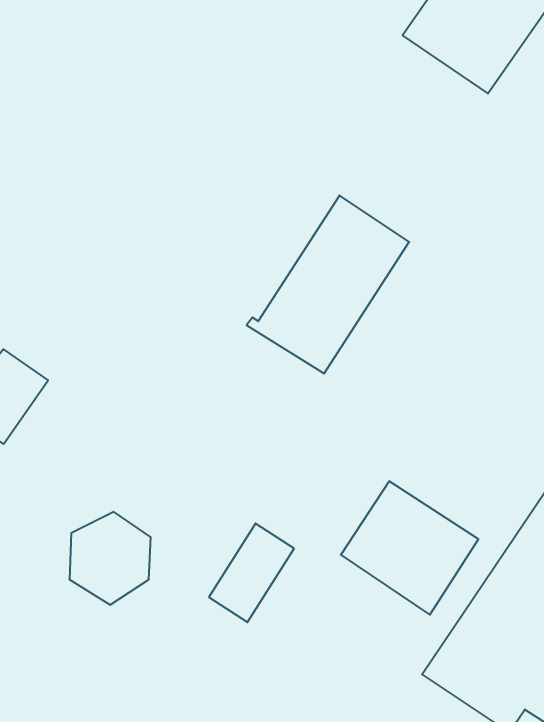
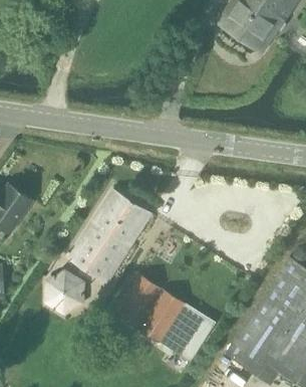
building: [247,195,409,374] -> [66,190,150,282]
building: [341,481,478,615] -> [139,291,211,360]

